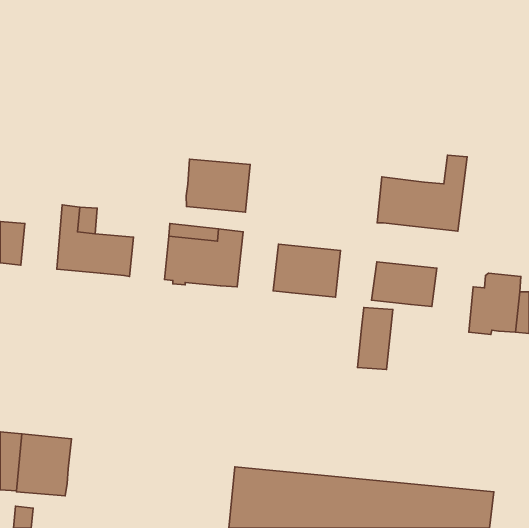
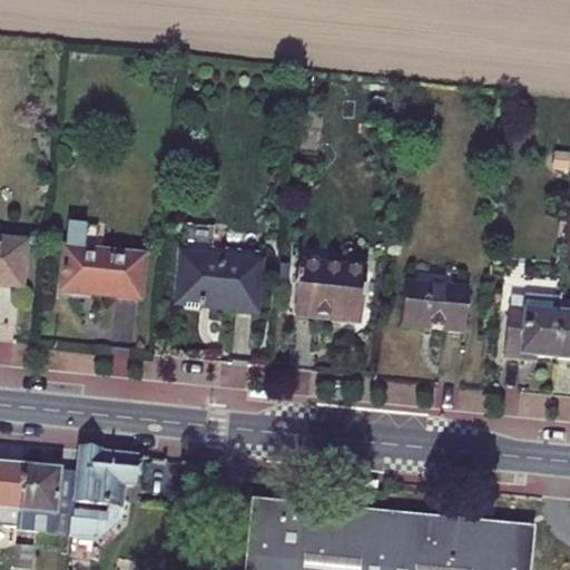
building: [377,155,467,231] -> none
building: [186,159,250,212] -> none
building: [357,308,393,370] -> none
building: none -> [69,450,137,554]

